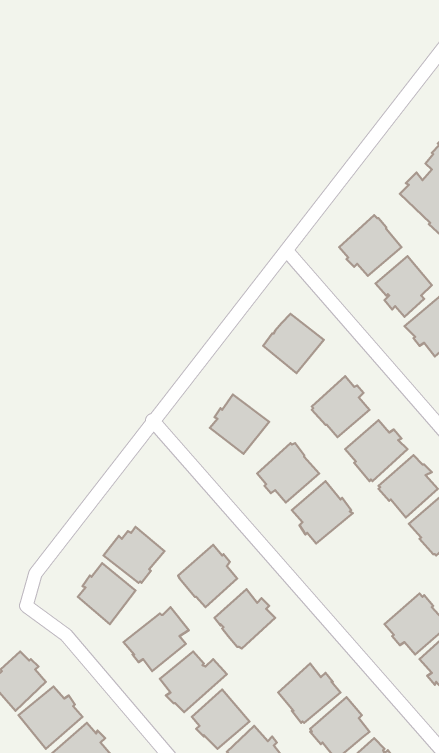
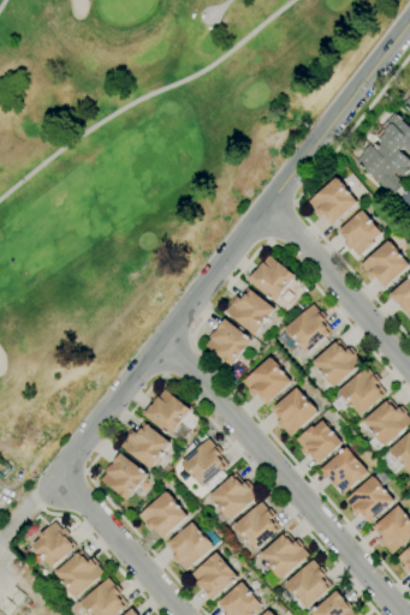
building: none -> [225,287,275,336]
building: none -> [143,389,190,436]
building: none -> [296,420,343,465]
building: none -> [321,447,368,494]
building: none -> [233,502,280,550]

